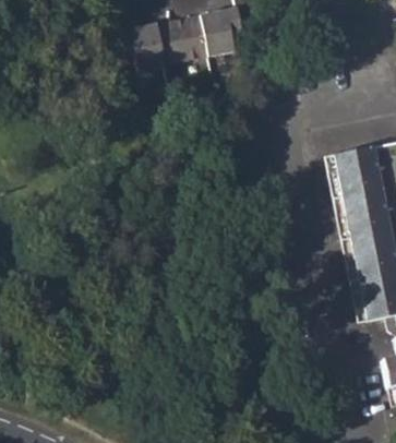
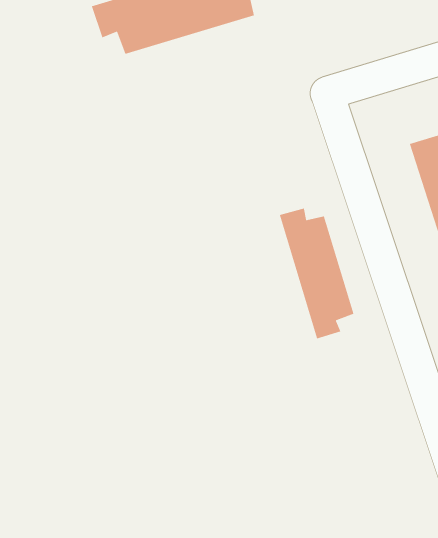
building: none -> [279,208,355,340]

